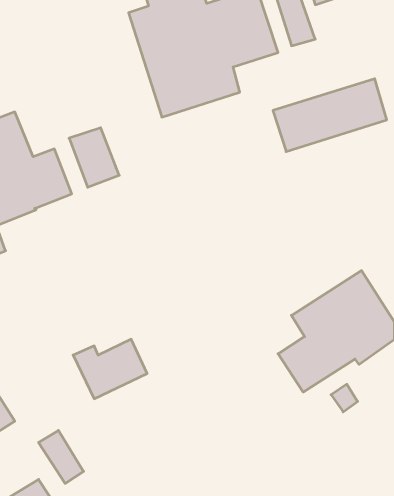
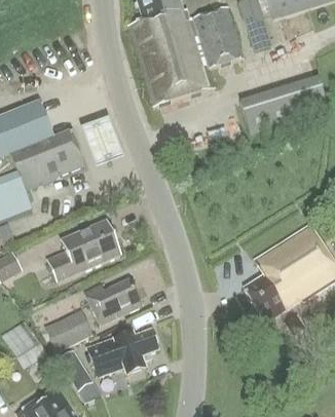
building: none -> [47,220,120,280]
building: none -> [44,308,92,350]
building: none -> [87,330,158,375]

